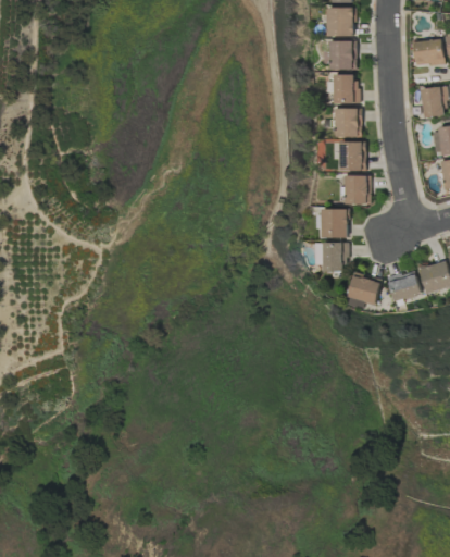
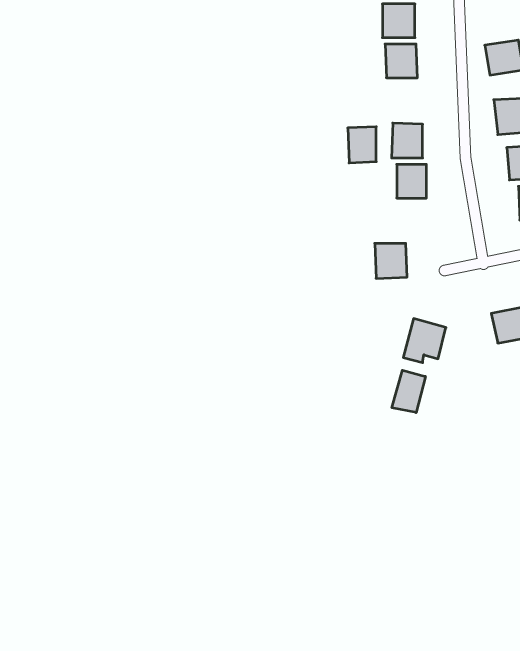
building: [334,73,358,103] -> [348,127,376,163]
building: [345,174,370,203] -> none
building: [313,242,346,271] -> none
building: [386,269,421,301] -> none
building: none -> [392,370,425,413]

